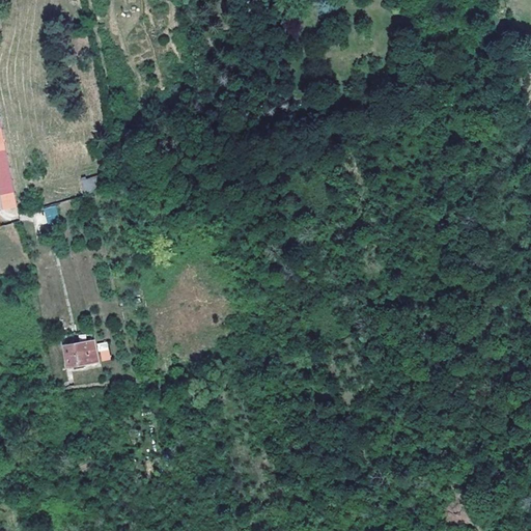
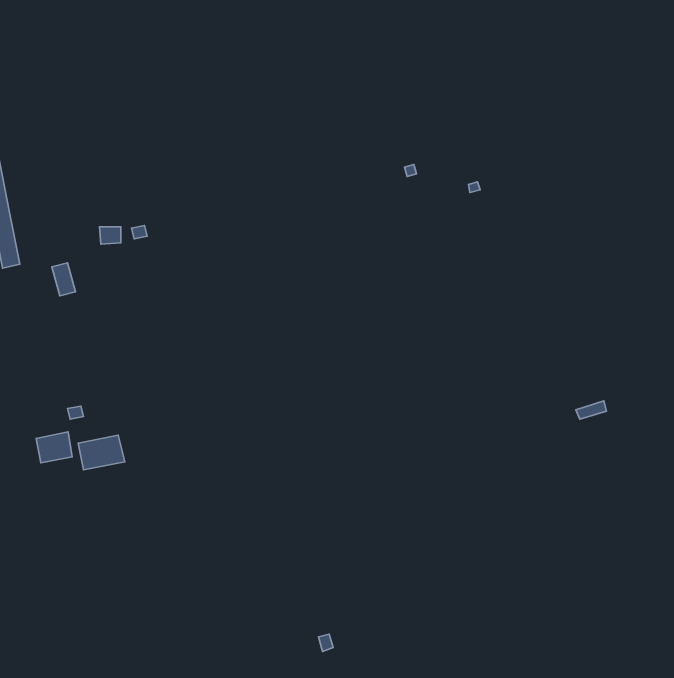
building: none -> [36,432,72,463]

